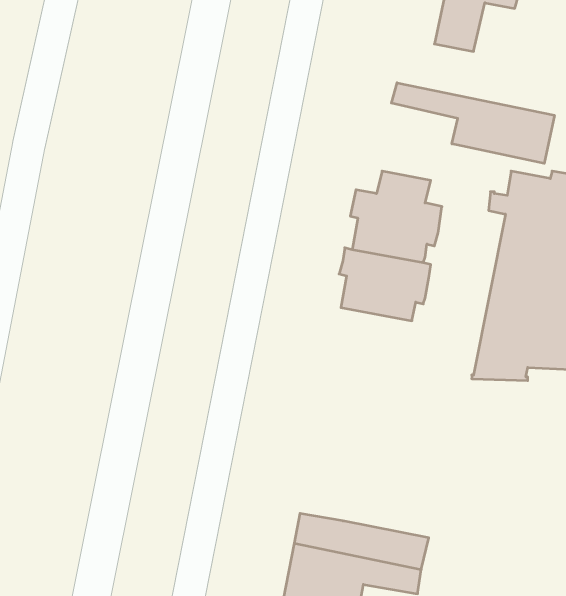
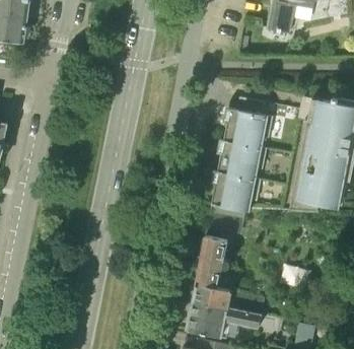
building: [391,83,554,163] -> none
building: none -> [210,169,260,211]
building: none -> [195,234,230,286]

